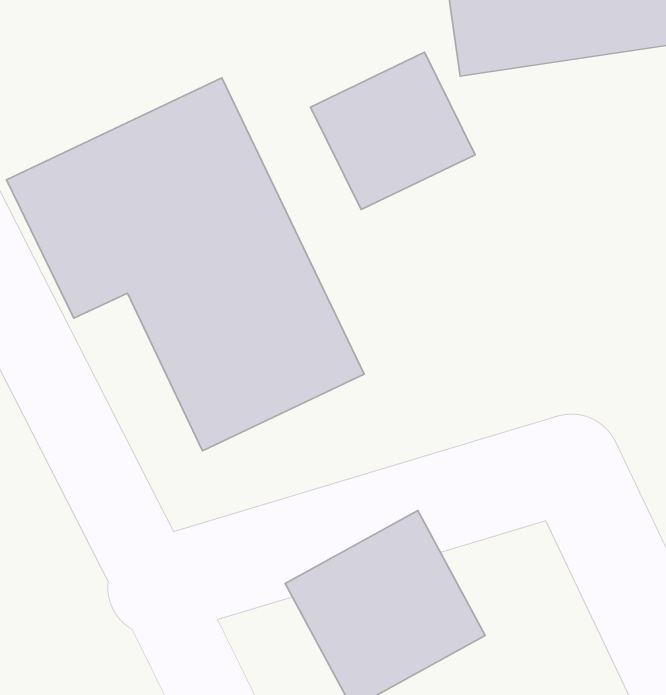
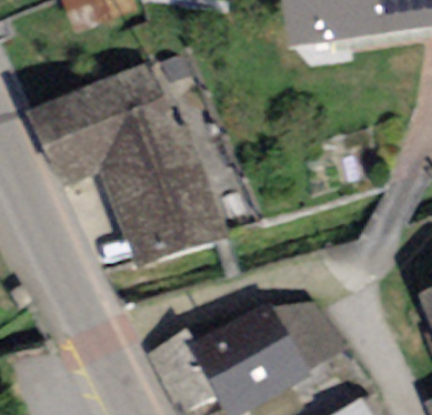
building: [310,52,475,210] -> none

